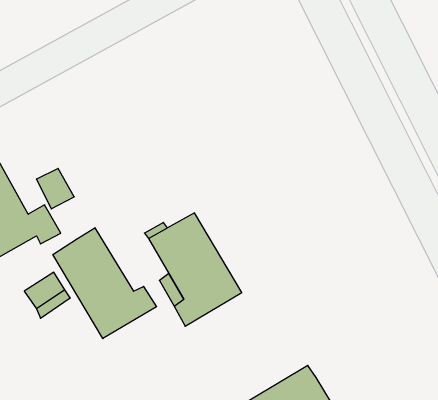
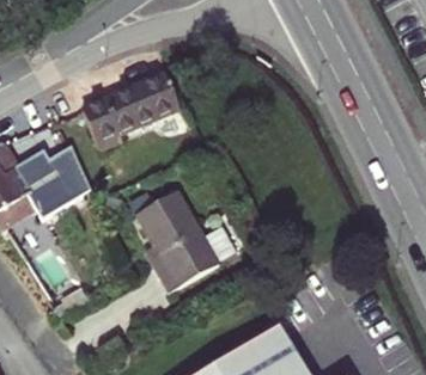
building: none -> [84,73,181,147]
building: [53,228,157,339] -> none

